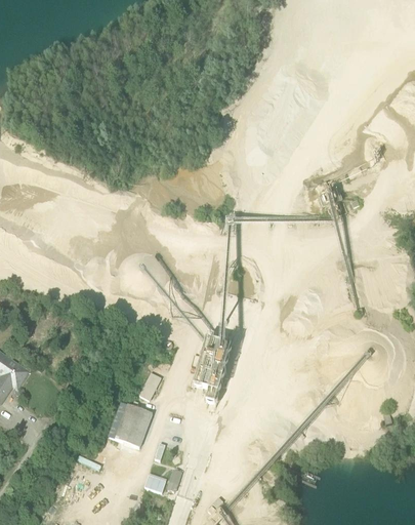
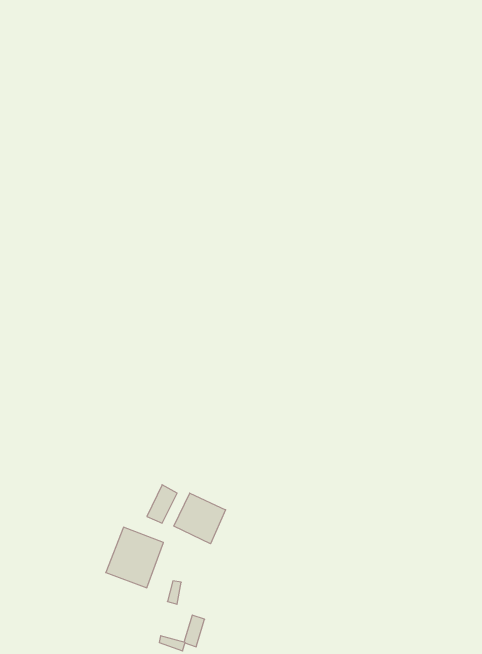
building: none -> [174,493,226,544]

